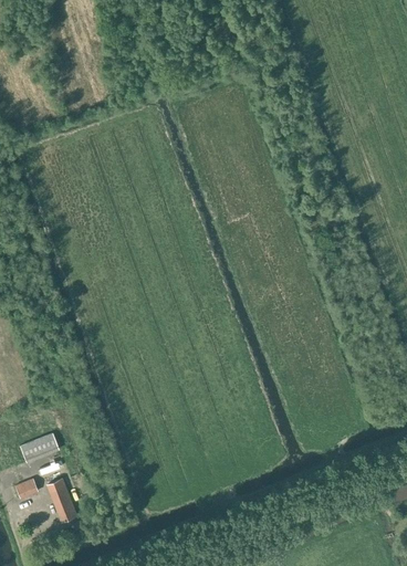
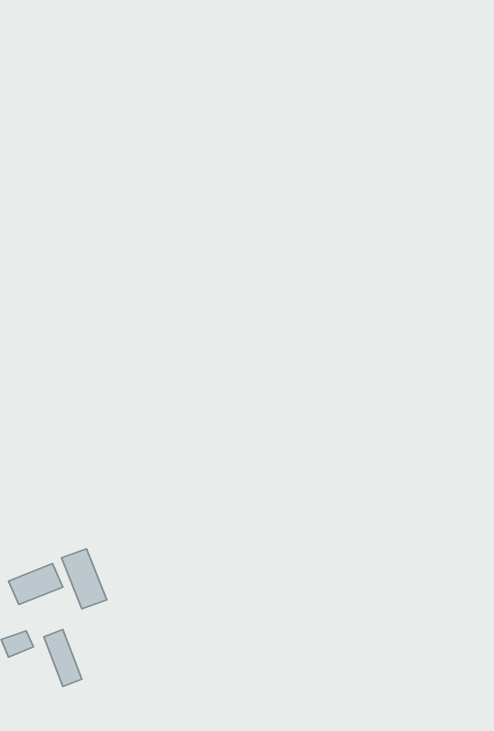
building: none -> [61,549,107,609]

